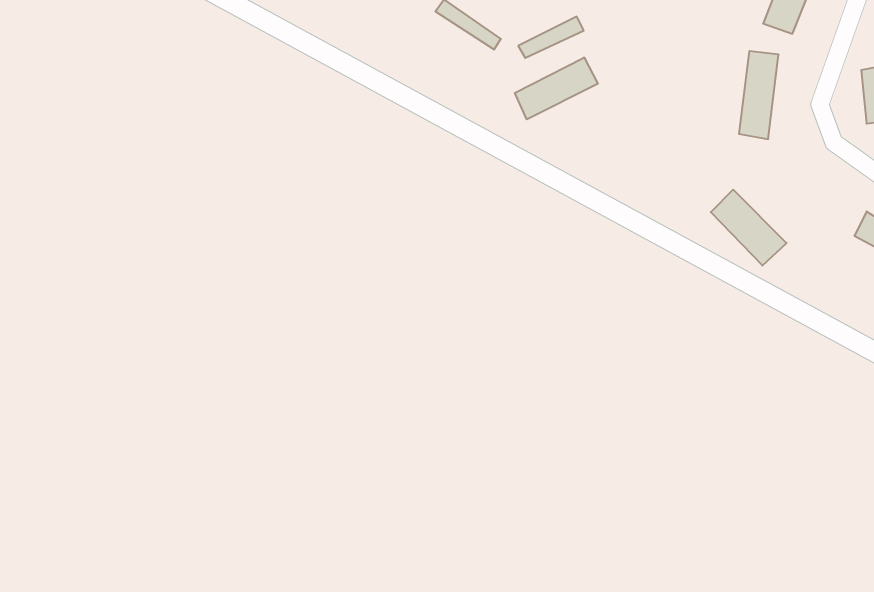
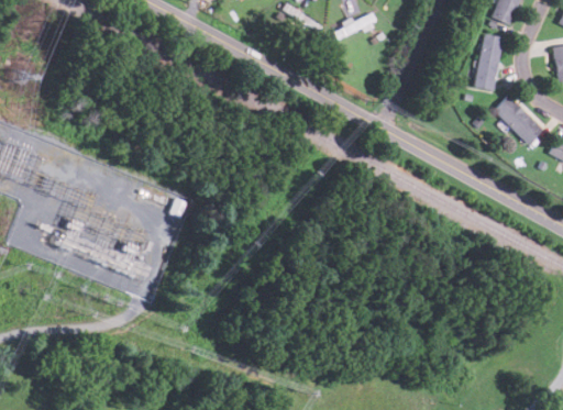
building: [515,57,598,119] -> none
building: [711,190,787,266] -> [494,96,542,144]

